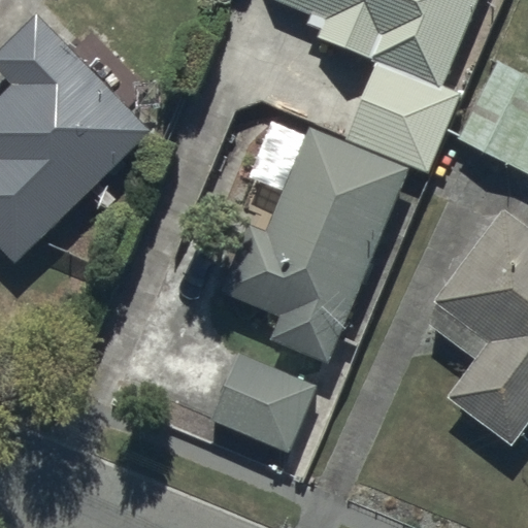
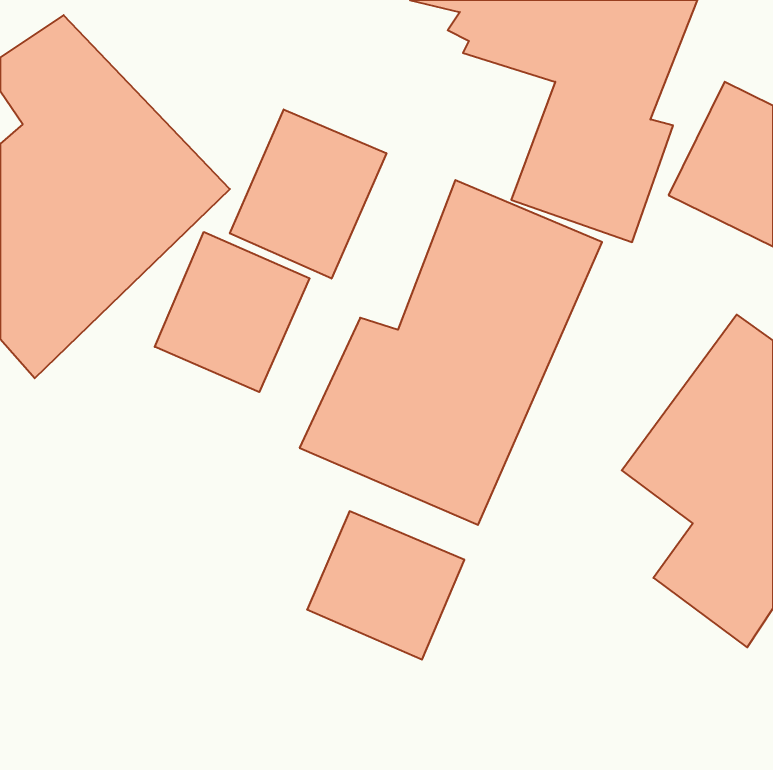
building: none -> [230,109,386,279]
building: none -> [155,232,310,392]

